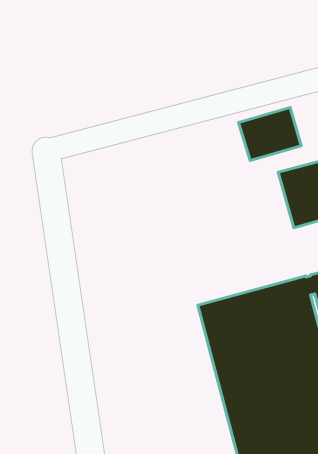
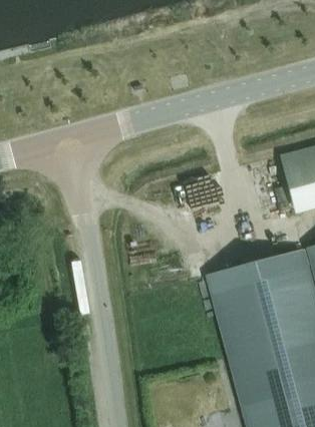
building: [238,108,301,160] -> none

